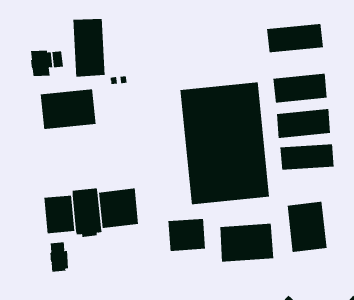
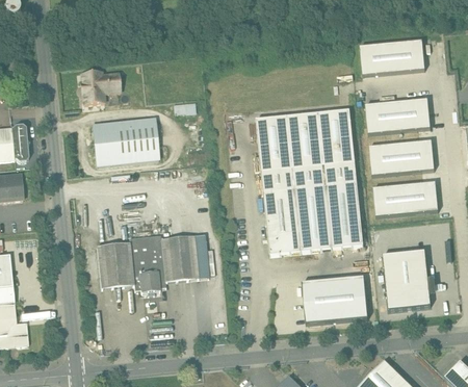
building: [73,18,105,78] -> none
building: [168,218,206,252] -> none
building: [50,241,69,273] -> none

